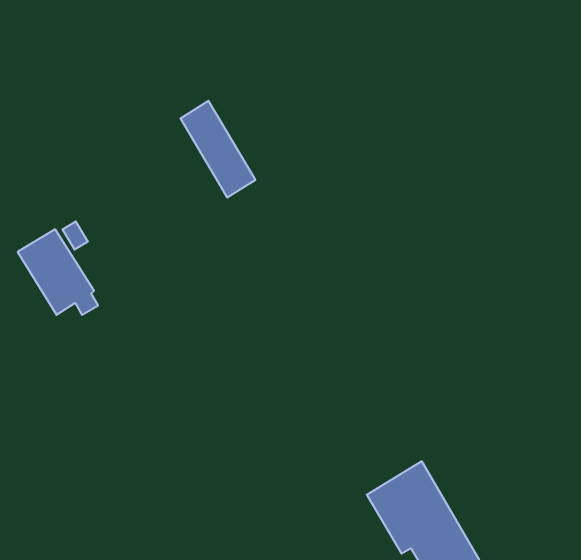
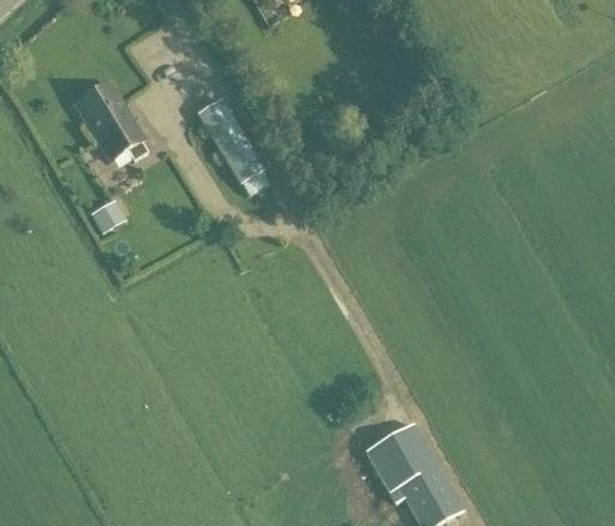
building: [18,229,98,315] -> [77,83,149,160]

